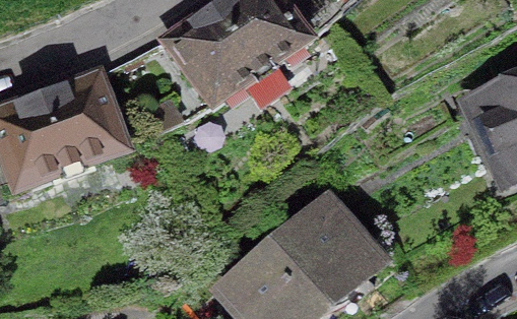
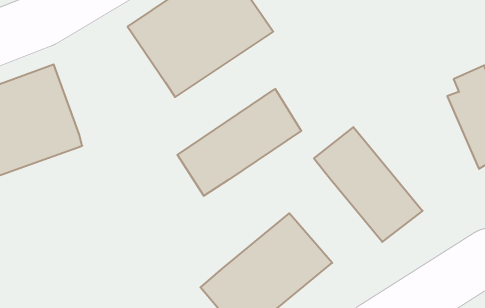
building: none -> [177,89,301,196]
building: none -> [314,127,423,242]

